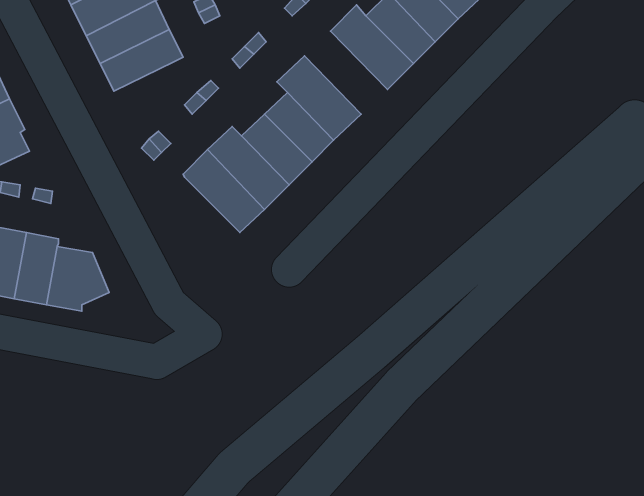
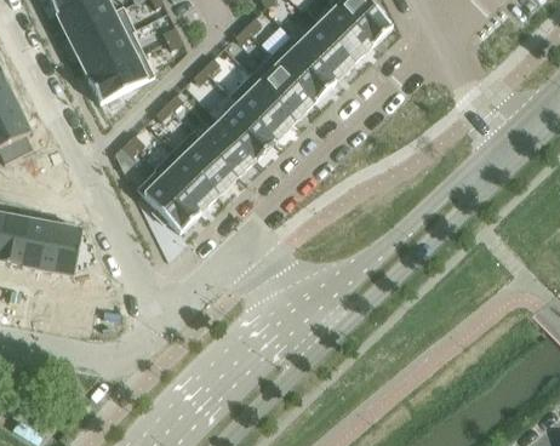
building: none -> [250,55,315,120]
building: none -> [137,170,199,231]

